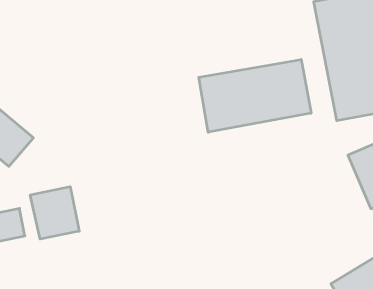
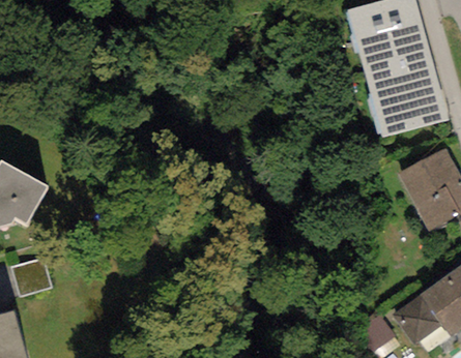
building: [199,59,311,132] -> none
building: [30,187,79,239] -> none

